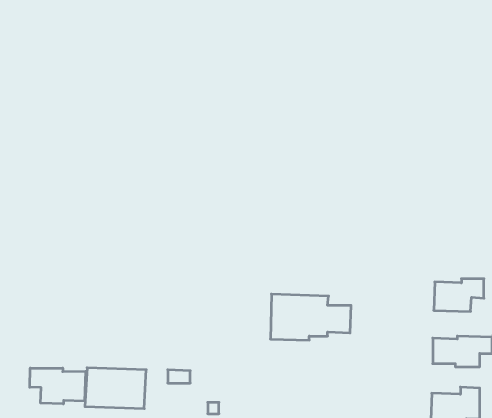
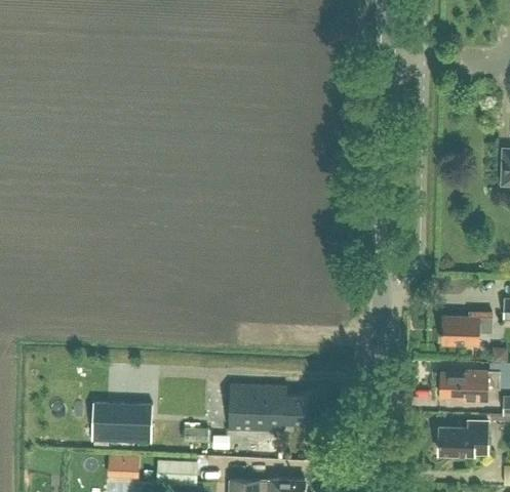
building: [270,294,351,340] -> [228,385,309,432]
building: [30,368,86,404] -> none

